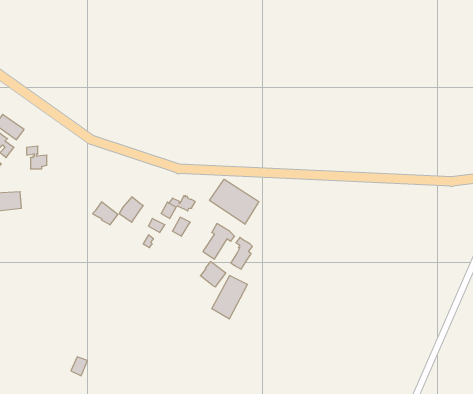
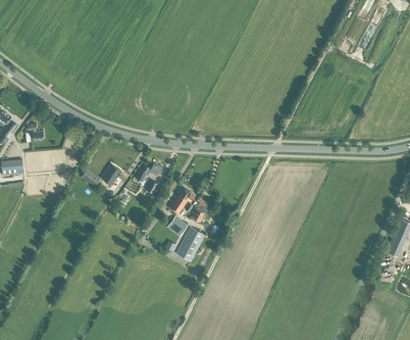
building: [210,179,259,224] -> none

